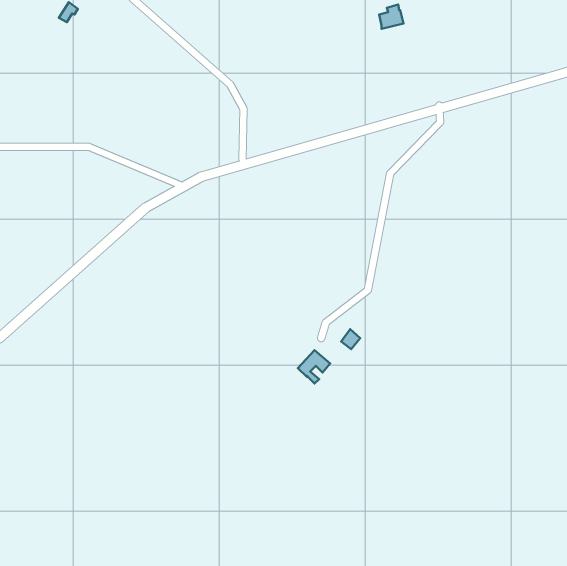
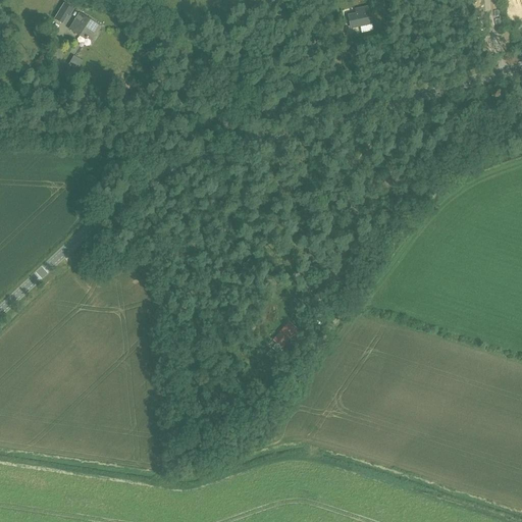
building: none -> [68,16,99,39]

